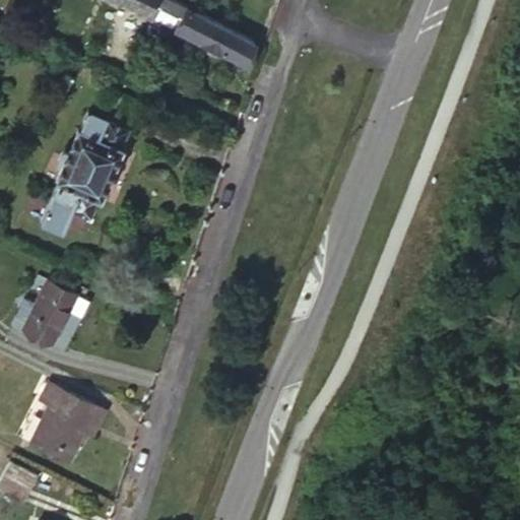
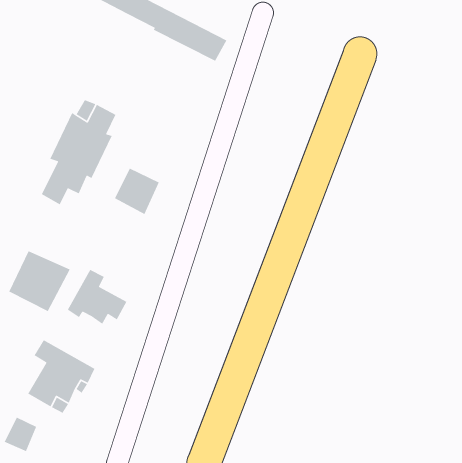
building: none -> [114,167,160,215]
building: none -> [67,269,128,325]

